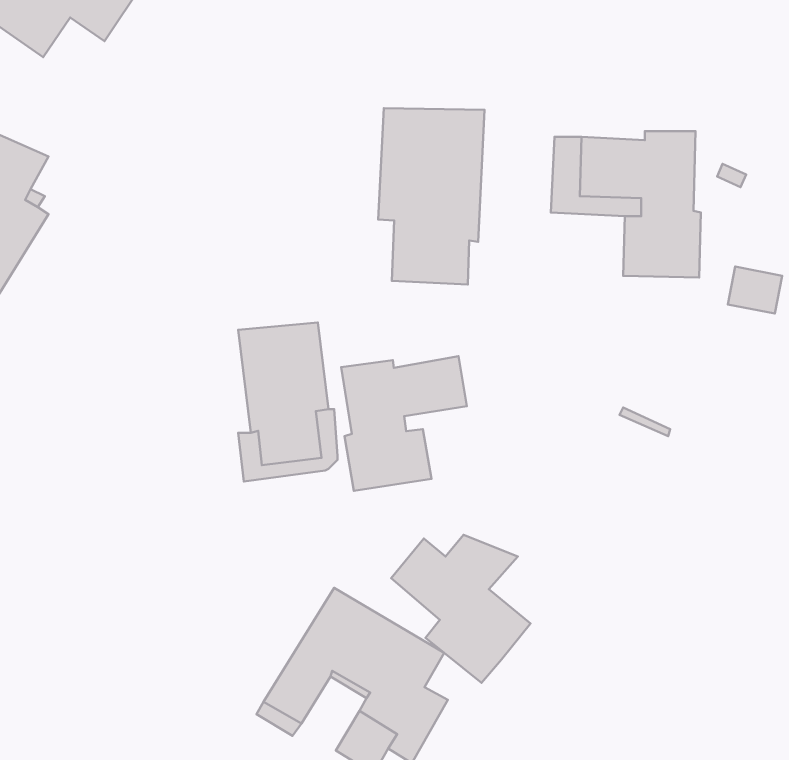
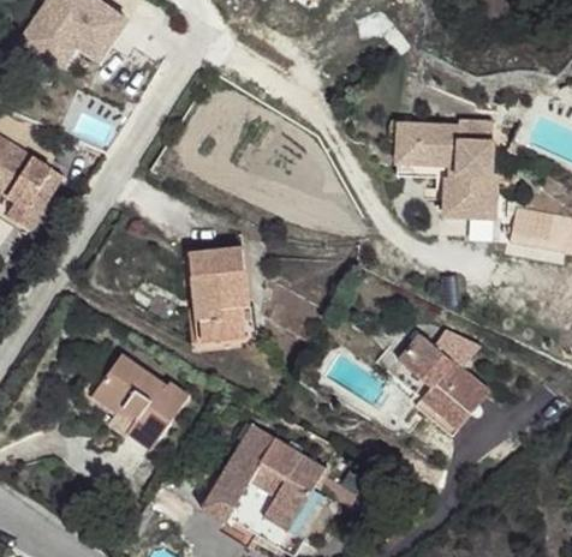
building: [378,108,485,284] -> none
building: [341,356,467,491] -> none
building: none -> [96,353,187,448]
building: [391,535,530,683] -> [397,329,489,427]

